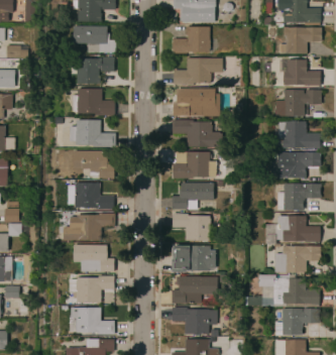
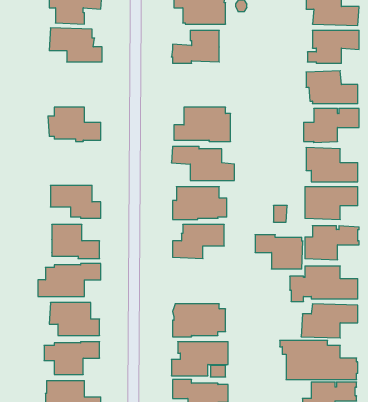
building: [74,56,114,84] -> none
building: [174,58,222,85] -> none
building: [70,120,116,147] -> none
building: [173,214,211,241] -> [255,235,303,269]

